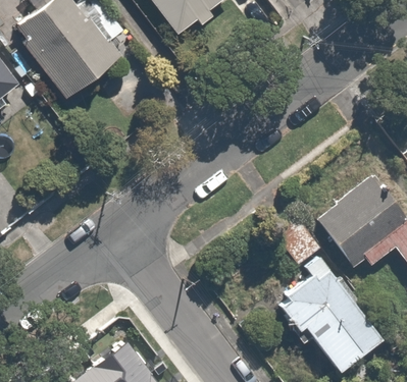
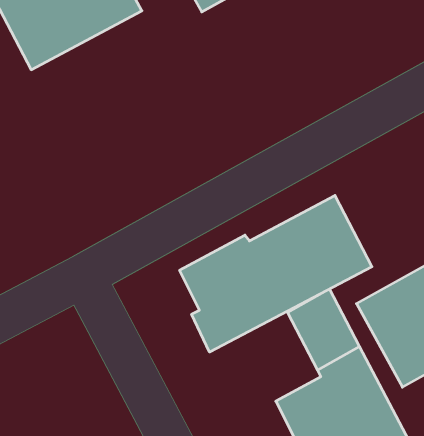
building: none -> [180,195,372,352]

